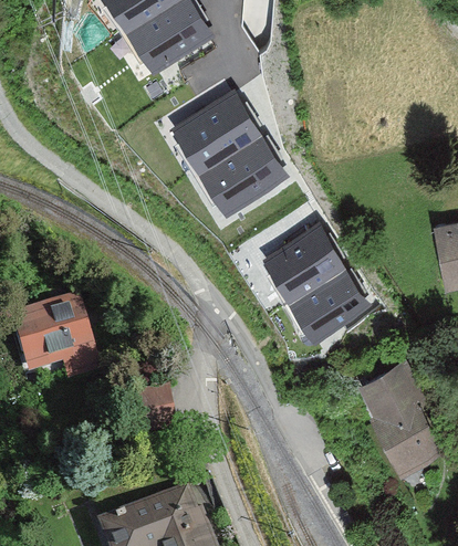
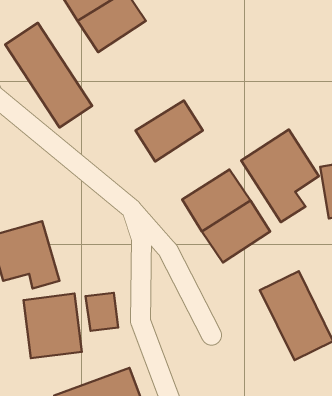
building: none -> [5,23,92,127]
building: [174,97,261,177] -> none
building: none -> [241,130,319,222]
building: none -> [24,294,82,358]

